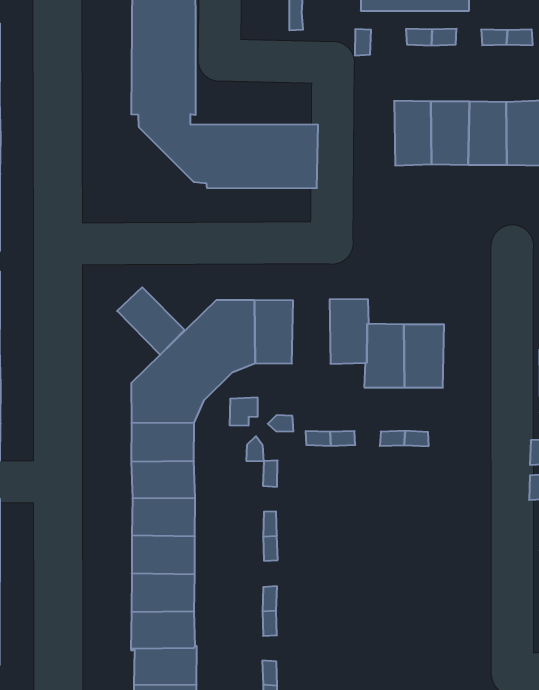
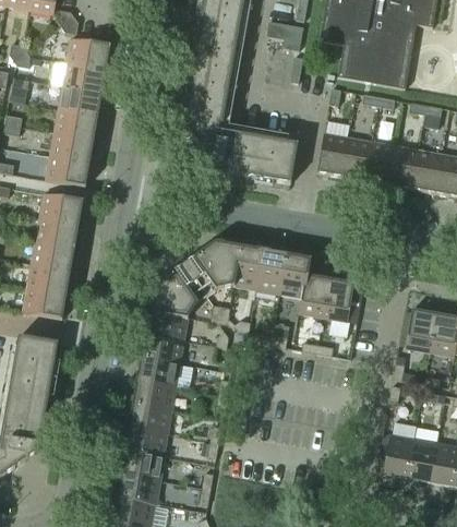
building: none -> [316,132,348,177]
building: [117,287,184,355] -> none
building: none -> [255,250,286,294]

